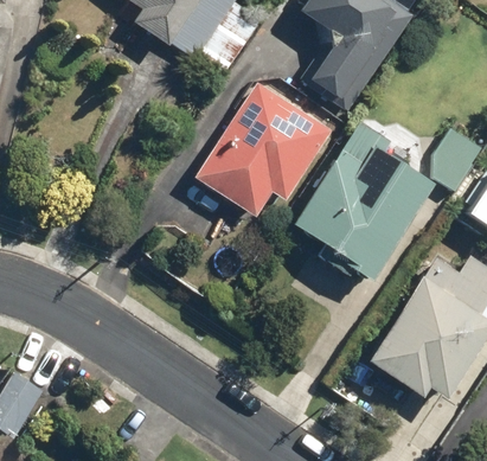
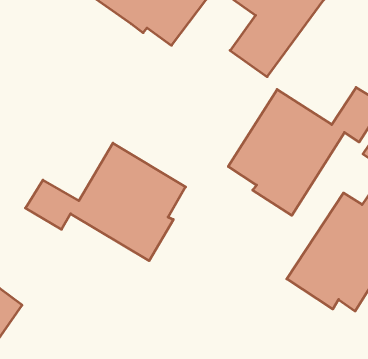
building: [198,79,334,216] -> none
building: none -> [25,143,186,261]

